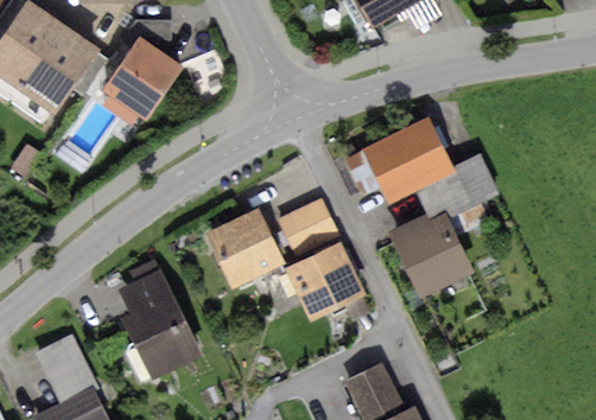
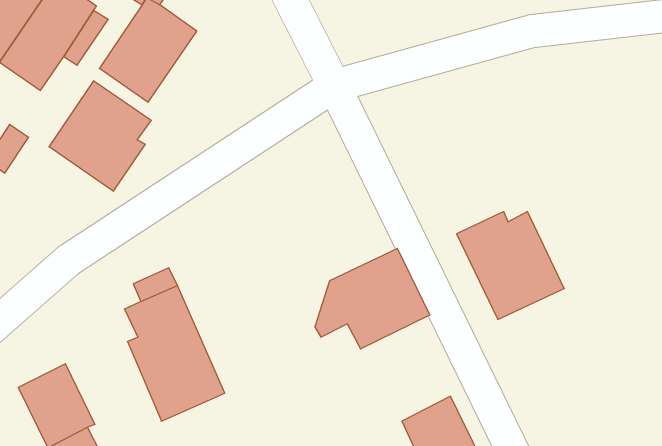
building: none -> [49,81,151,191]
building: [342,116,497,221] -> none
building: [275,198,338,255] -> none
building: [204,210,283,289] -> none

